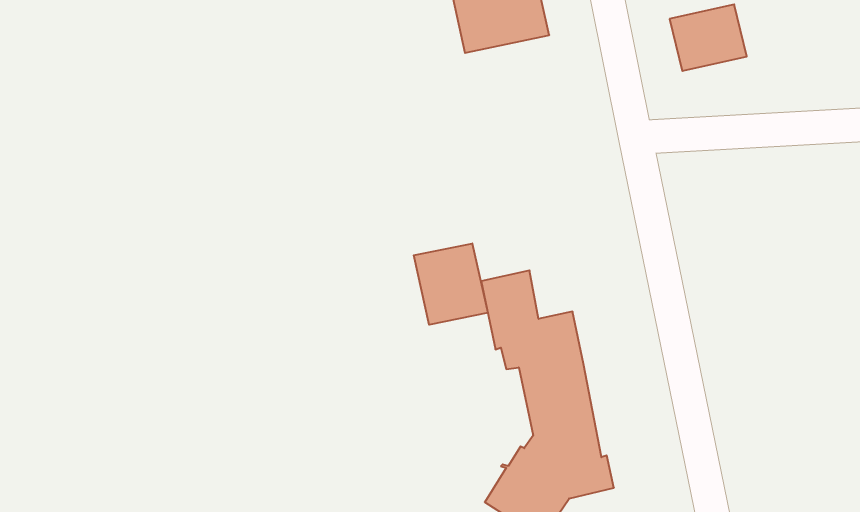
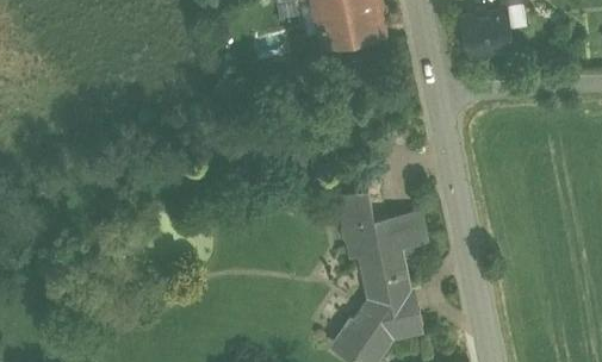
building: [414,243,488,325] -> none
building: none -> [396,211,428,250]

